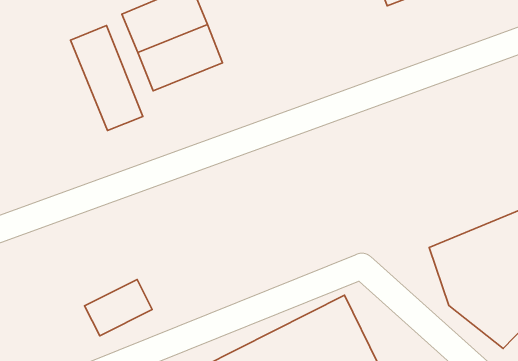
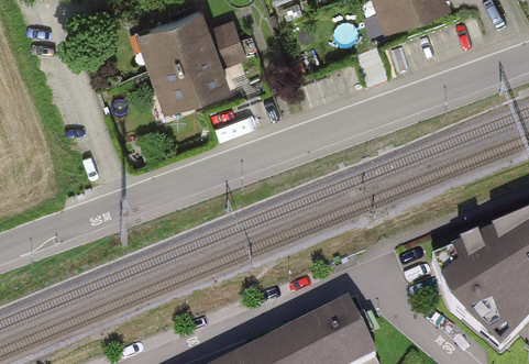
building: [70,26,143,130] -> none
building: [85,279,152,336] -> none

